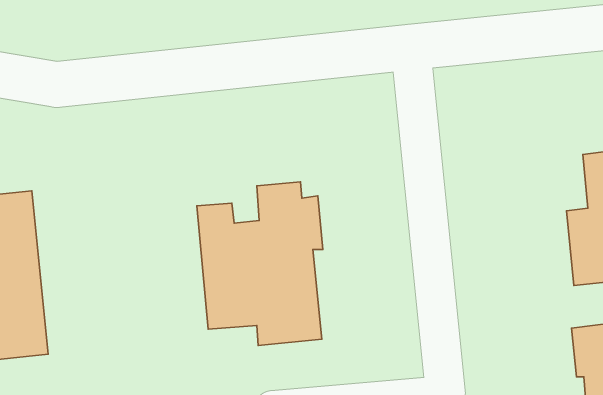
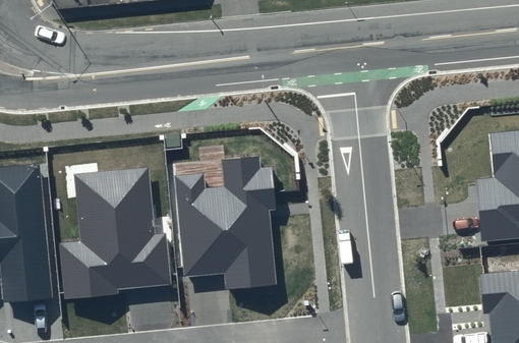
building: none -> [59,166,172,298]

